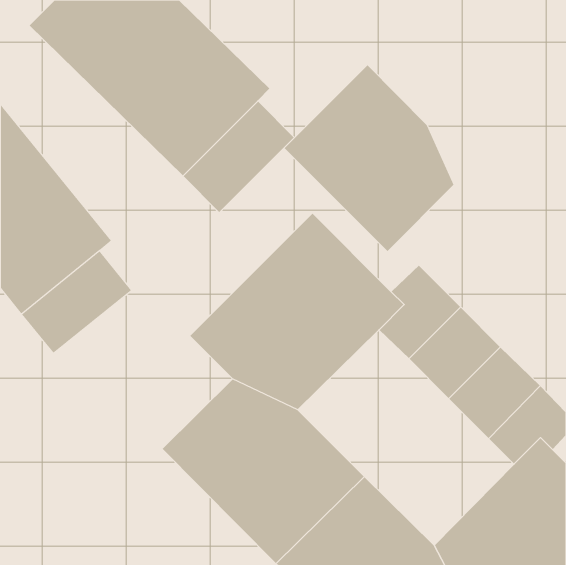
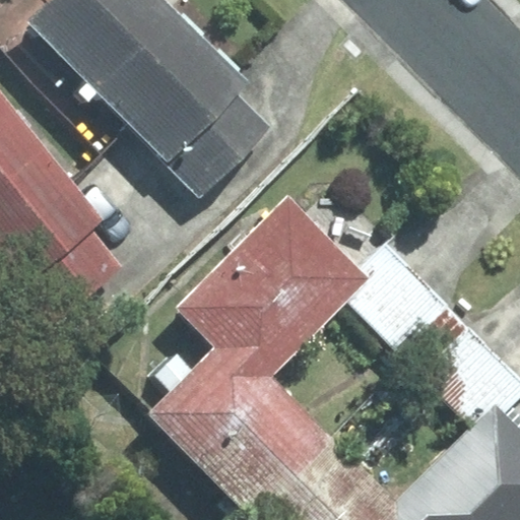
building: [284,64,454,252] -> none

